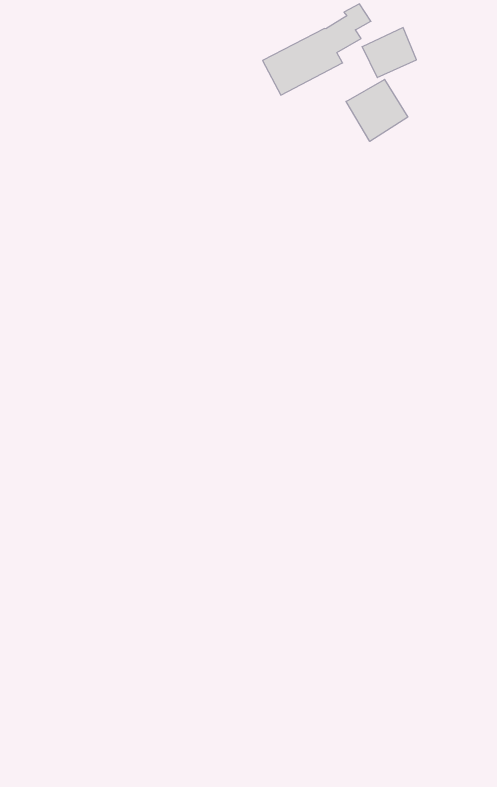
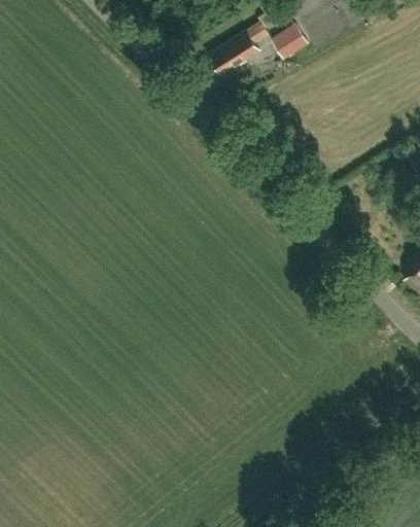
building: [346,79,408,141] -> none

